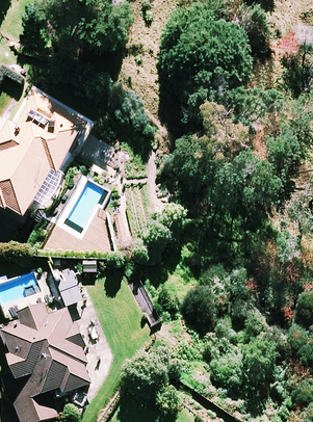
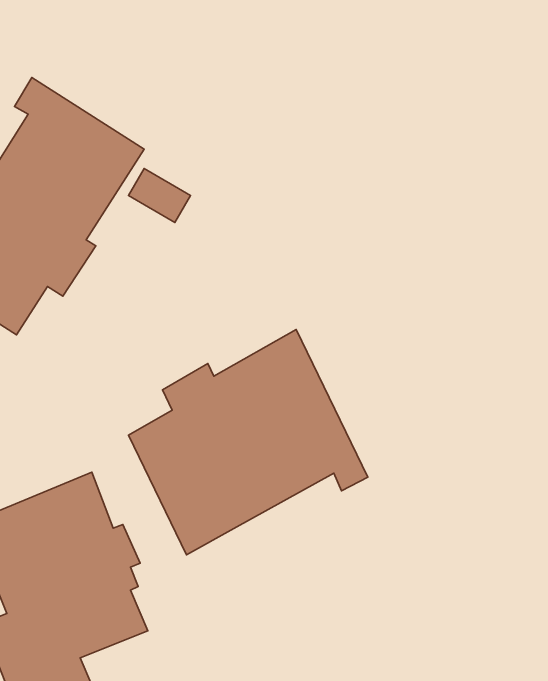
building: none -> [128,330,368,555]

